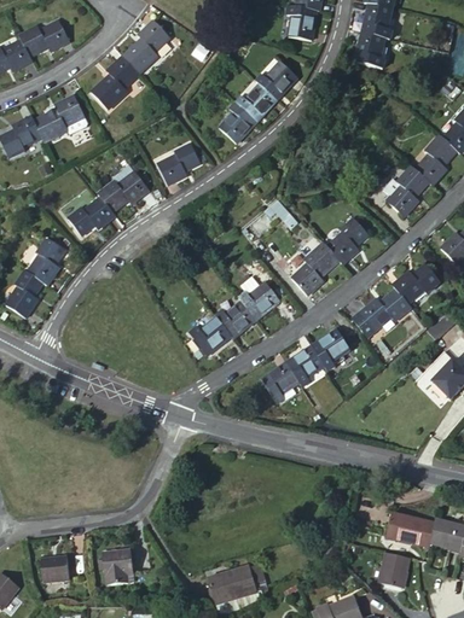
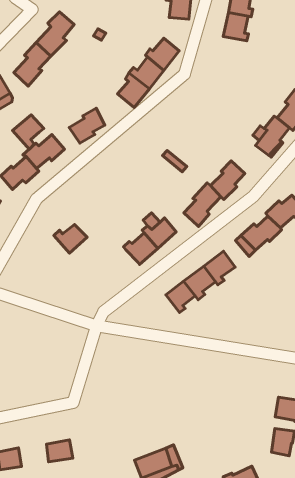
building: none -> [13,115,44,149]
building: [188,319,230,354] -> [54,224,87,253]

